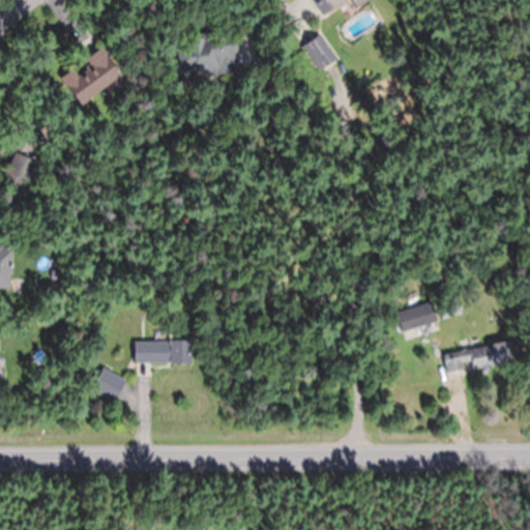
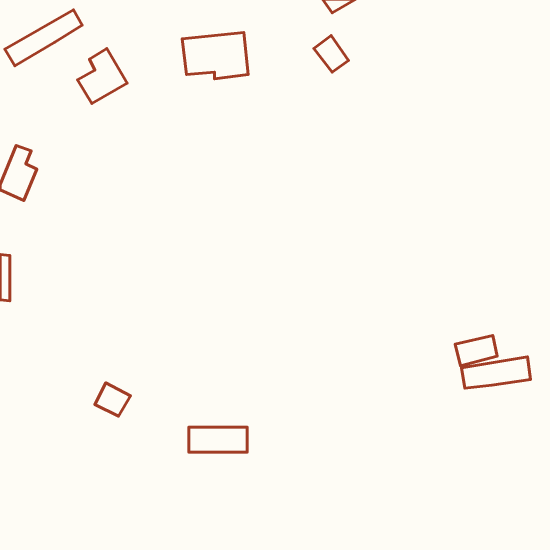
building: none -> [5,10,82,66]
building: [396,302,437,331] -> [455,336,497,366]
building: [135,341,190,364] -> [189,427,247,452]

